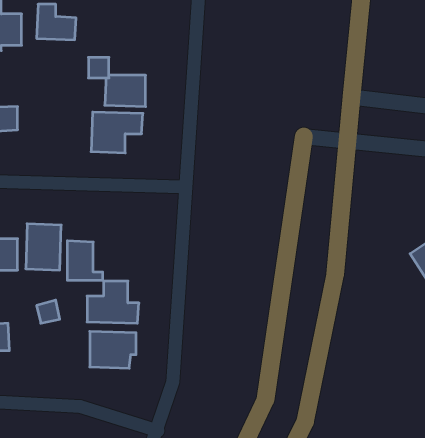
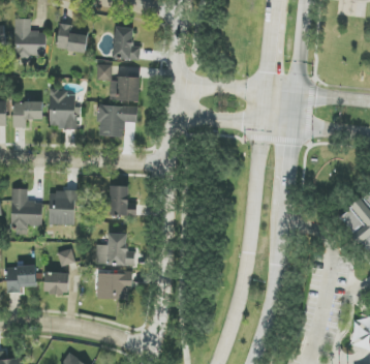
building: none -> [114,27,140,60]
building: none -> [49,89,76,128]
building: [67,241,103,280] -> [109,185,135,215]
building: none -> [44,272,69,294]

